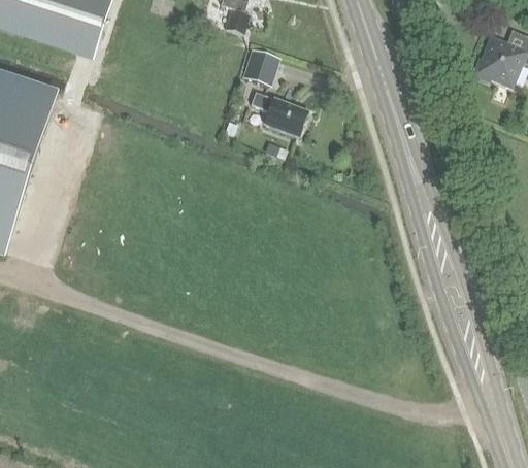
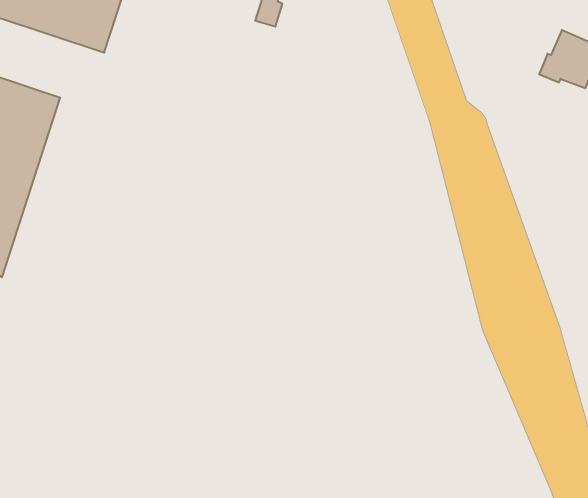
building: [241,48,278,85] -> none
building: [250,92,306,135] -> none

